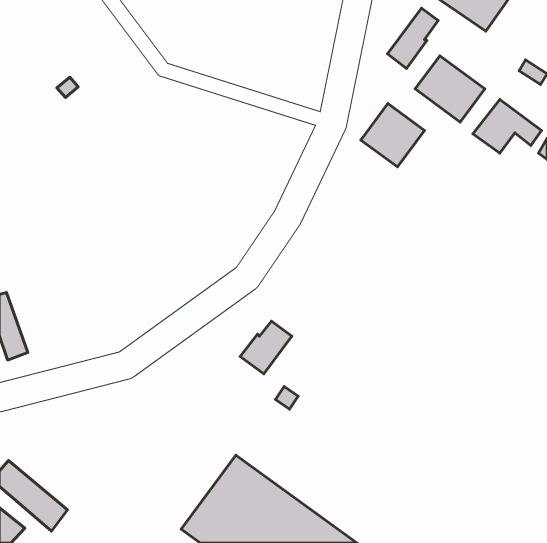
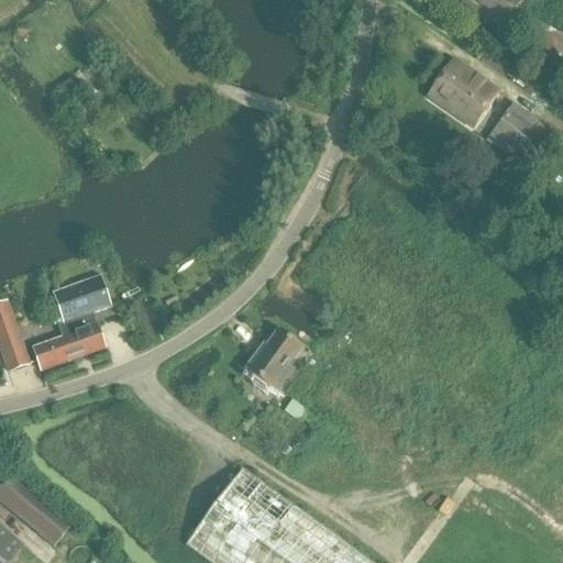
building: [388,8,438,68] -> none
building: [361,104,424,167] -> none
building: none -> [31,274,110,371]

